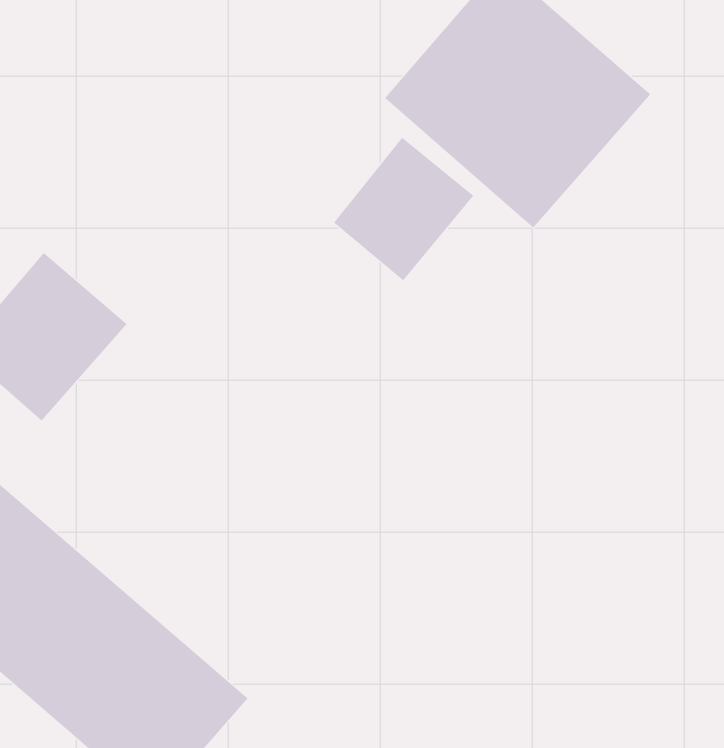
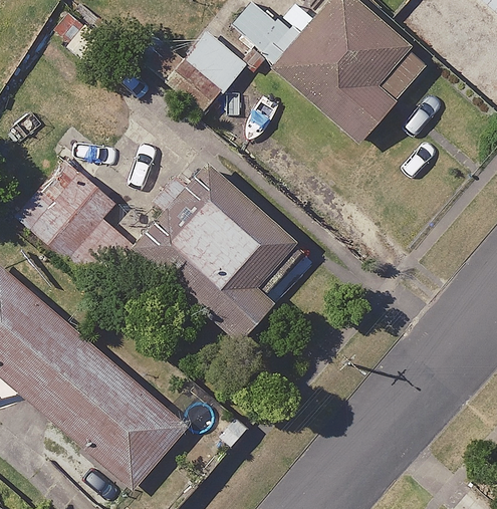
building: [333,137,474,281] -> [168,30,252,116]
building: none -> [131,160,297,340]

